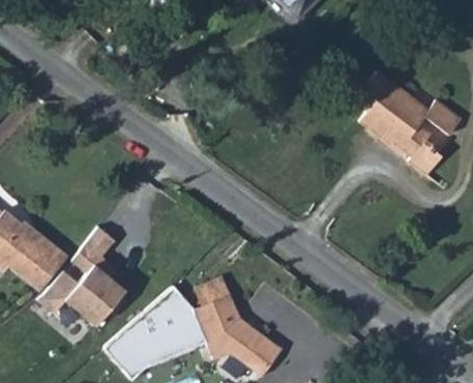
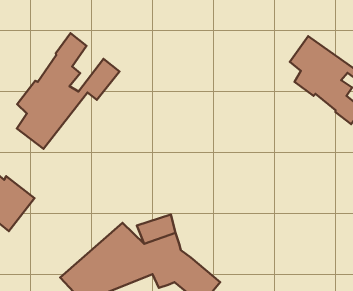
building: none -> [17,33,120,149]
building: [40,228,130,330] -> none

